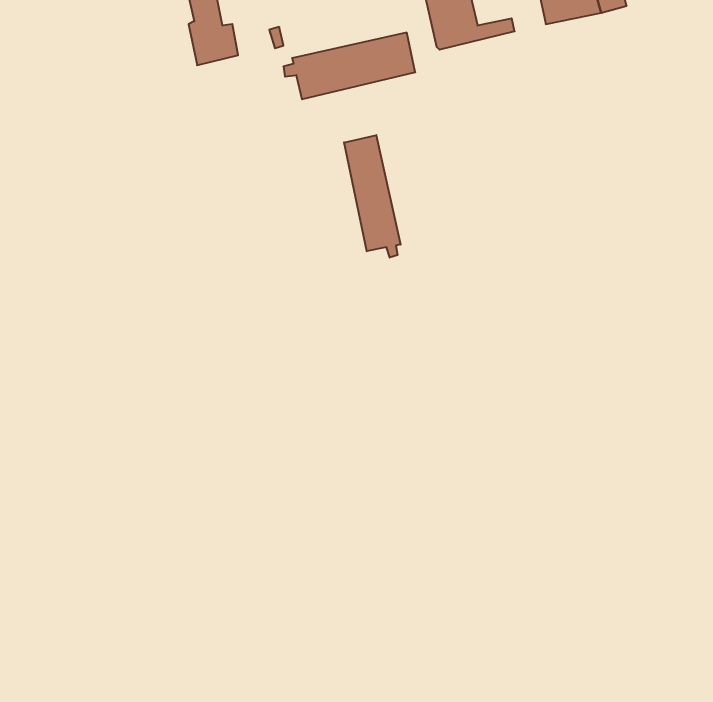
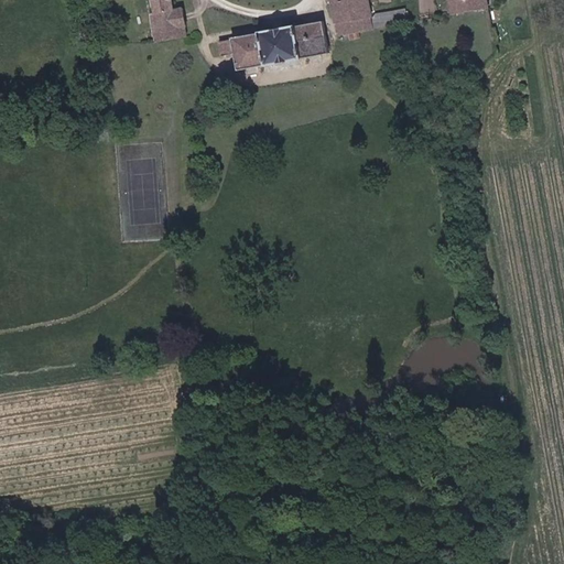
building: [344,135,401,258] -> none

